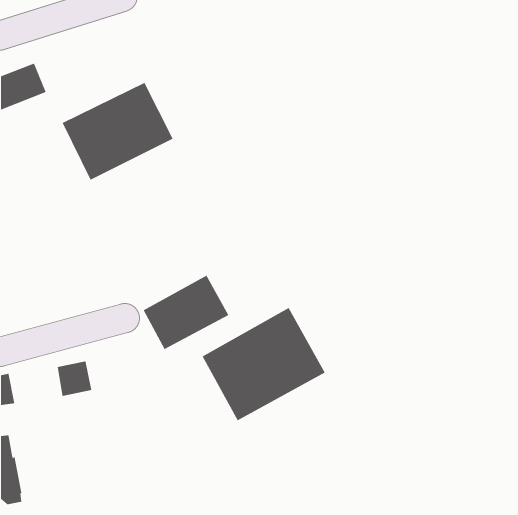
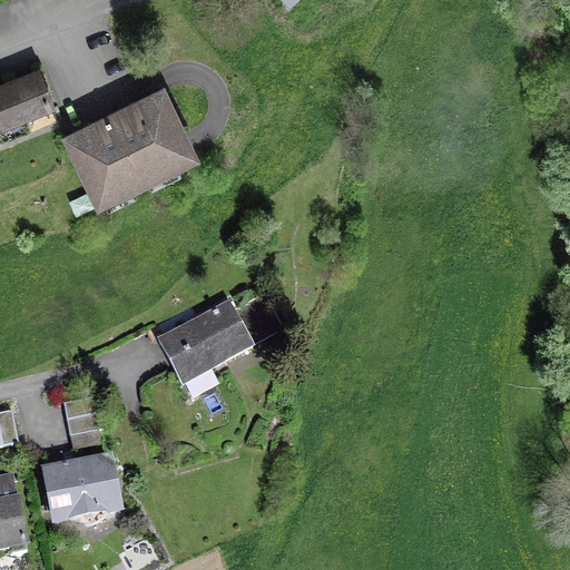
building: [202,307,326,421] -> none
building: none -> [45,459,117,521]

